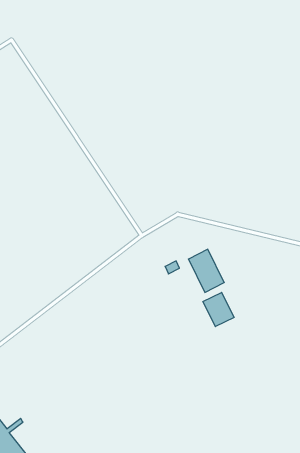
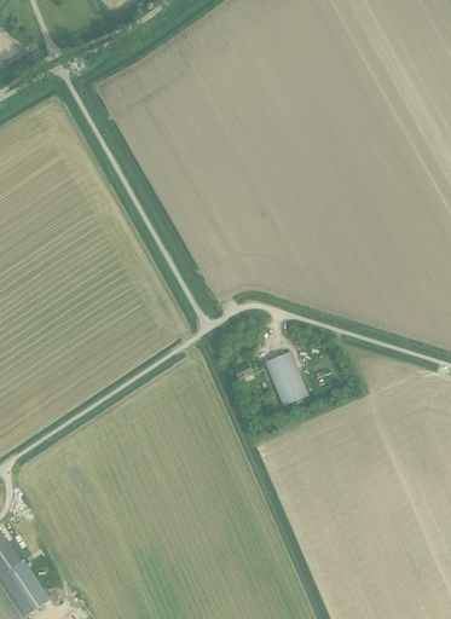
building: [203,292,234,327] -> none

